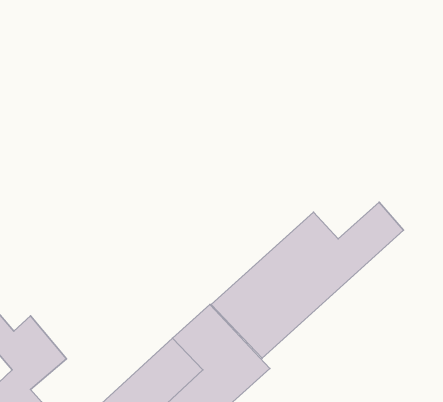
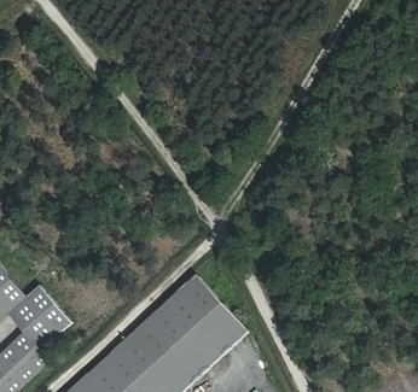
building: [211,202,404,358] -> none

